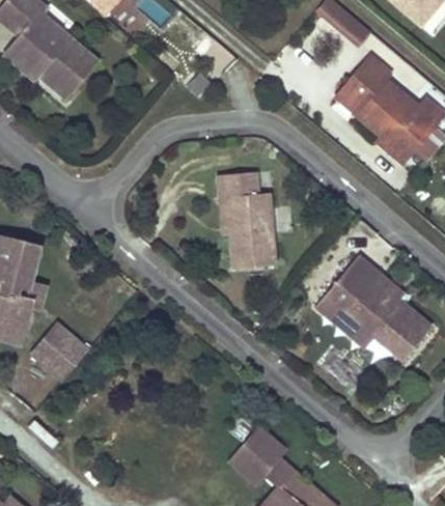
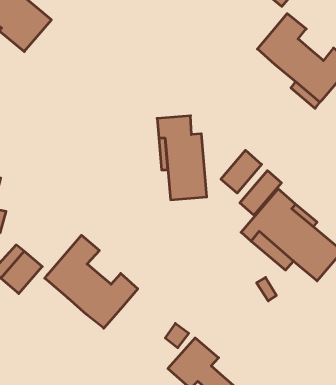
building: none -> [221,150,262,193]
building: none -> [240,171,281,215]
building: none -> [45,235,138,328]

